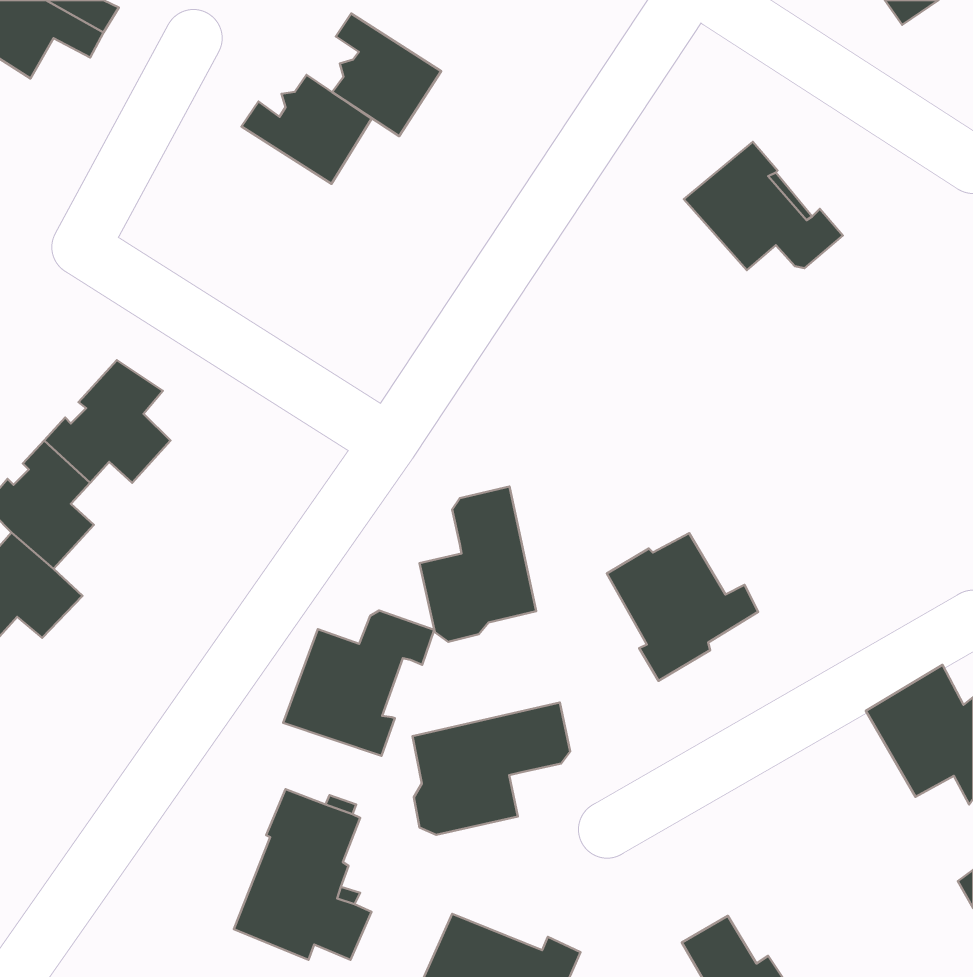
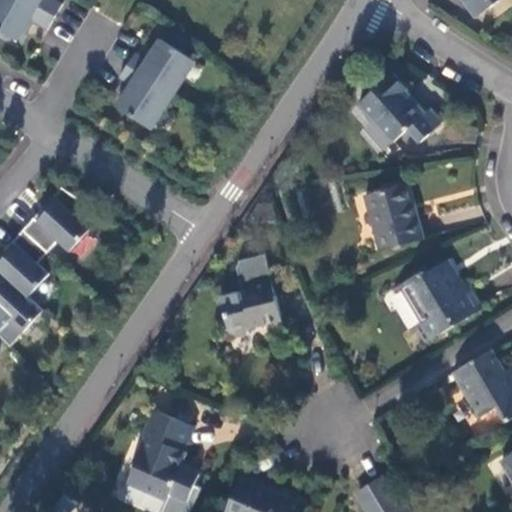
building: [332,14,441,136] -> [116,67,173,131]
building: none -> [364,187,420,247]
building: [607,533,758,681] -> [399,263,478,340]
building: [283,611,434,756] -> none
building: [412,703,570,835] -> none

